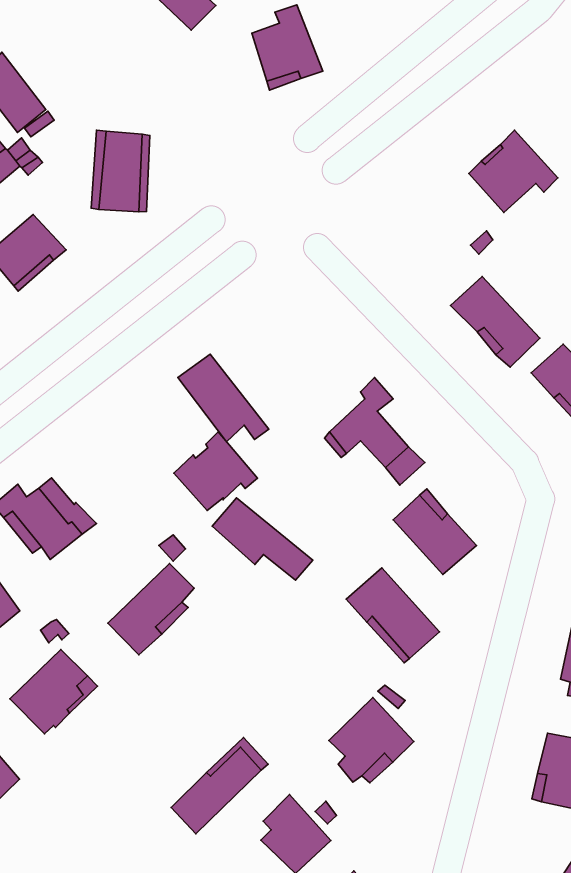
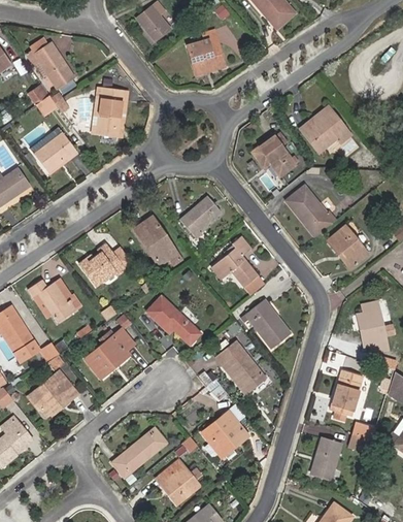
building: none -> [253,136,296,176]
building: none -> [180,196,220,238]
building: [174,432,257,510] -> [79,243,125,286]

